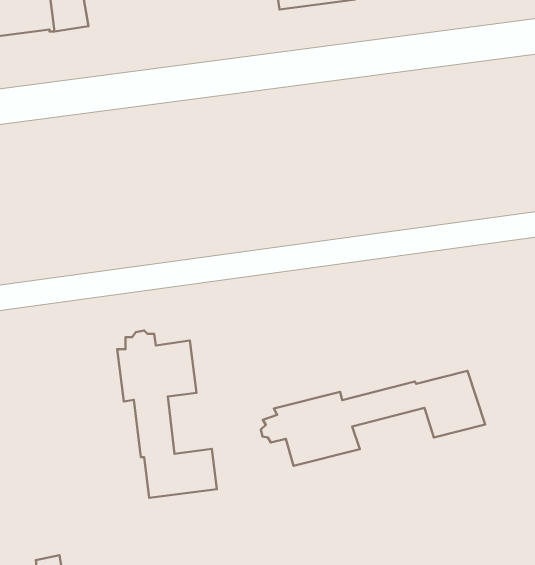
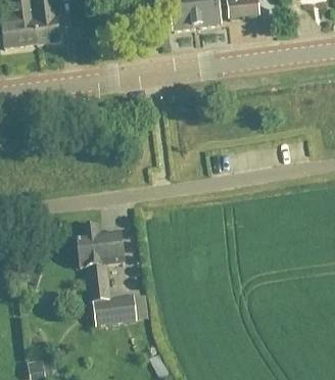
building: [261,371,485,466] -> none

